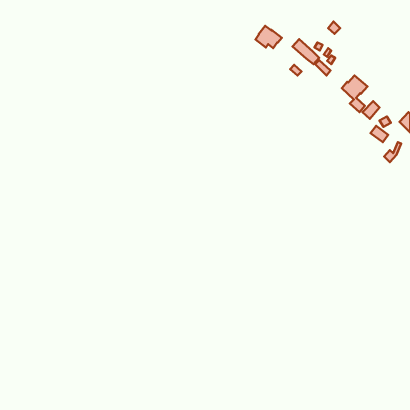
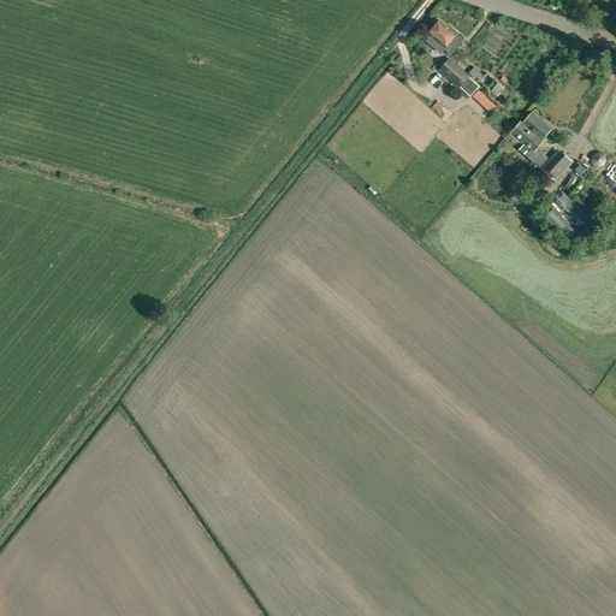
building: [255,26,282,48] -> [424,22,463,55]

